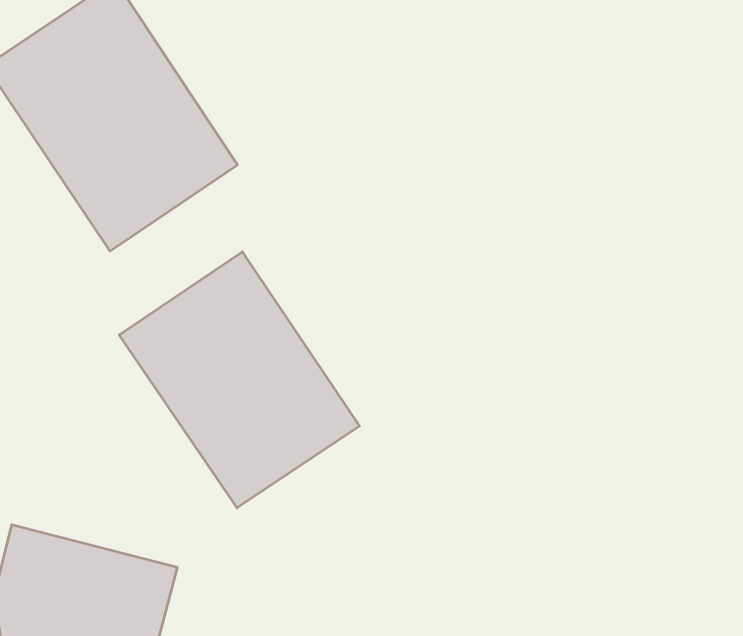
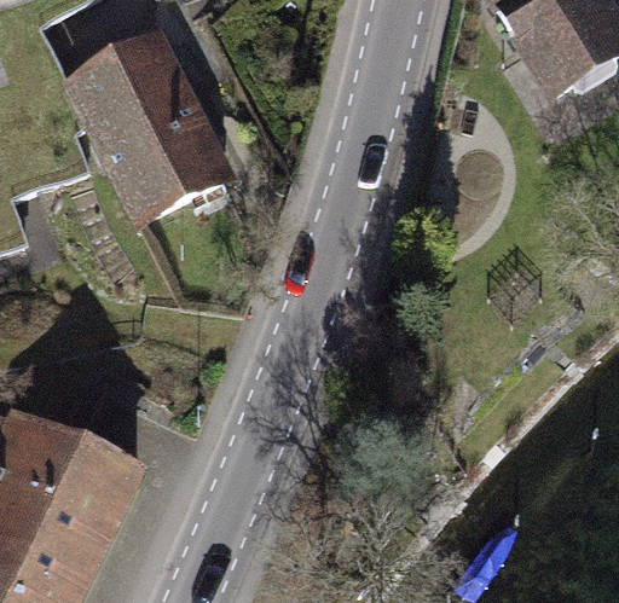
building: [119,252,359,508] -> none

